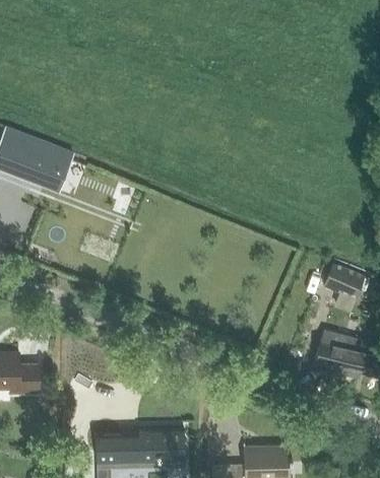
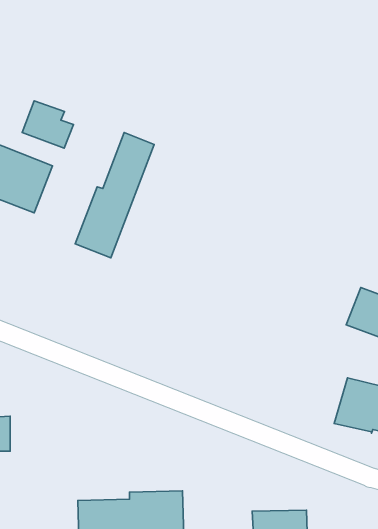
building: none -> [22,101,73,148]
building: none -> [75,133,154,258]

